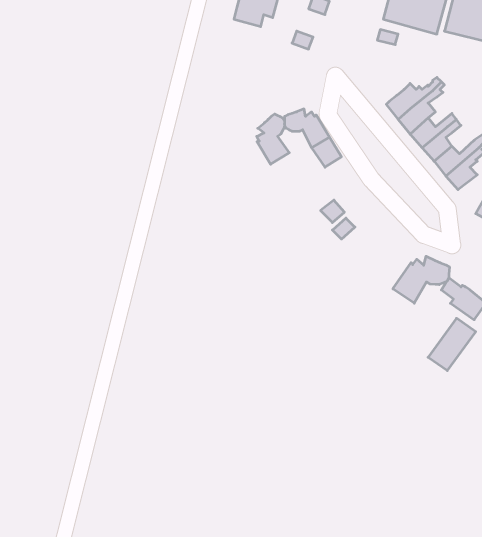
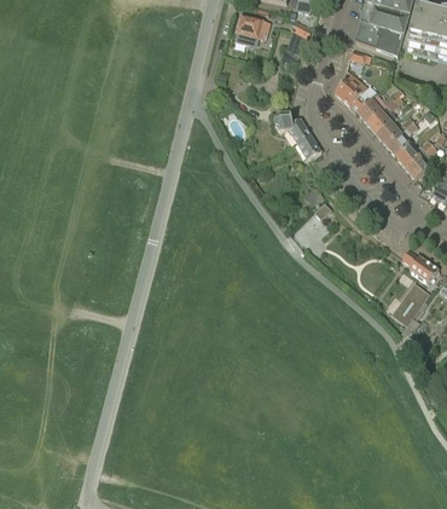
building: none -> [335,71,367,106]
building: [257,114,289,164] -> none
building: [393,256,449,303] -> none

